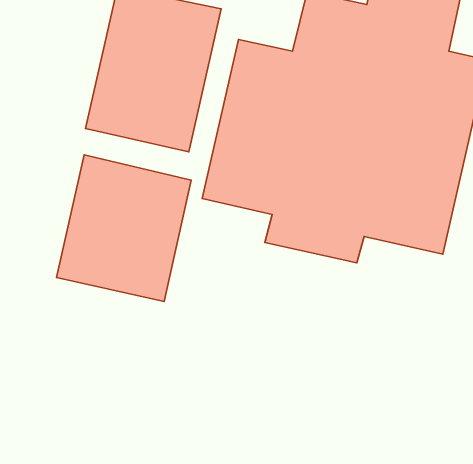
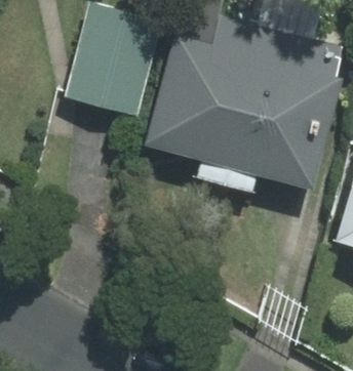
building: [57,155,191,302] -> none

